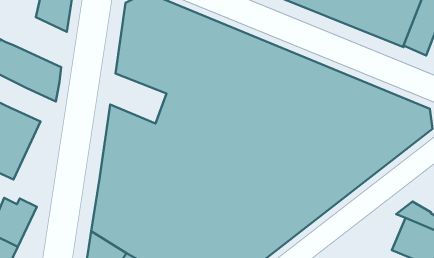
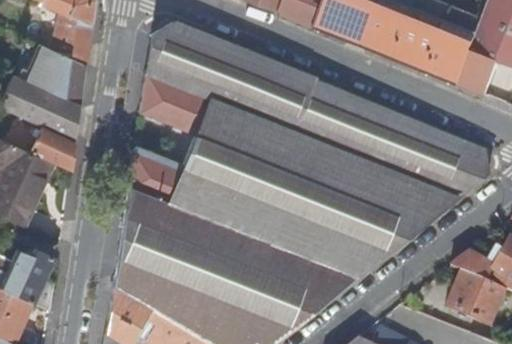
building: none -> [19,44,87,105]
building: none -> [25,128,75,171]

